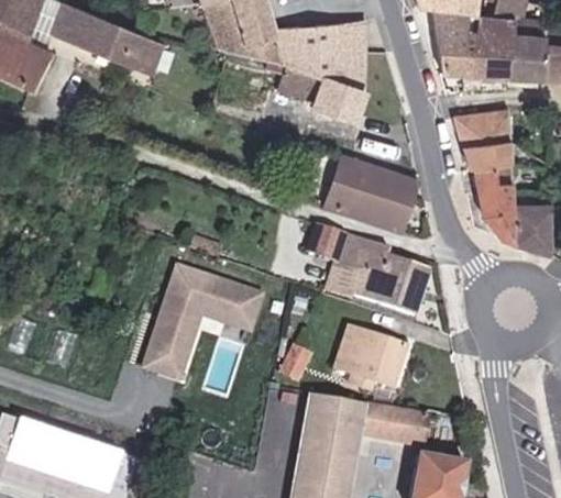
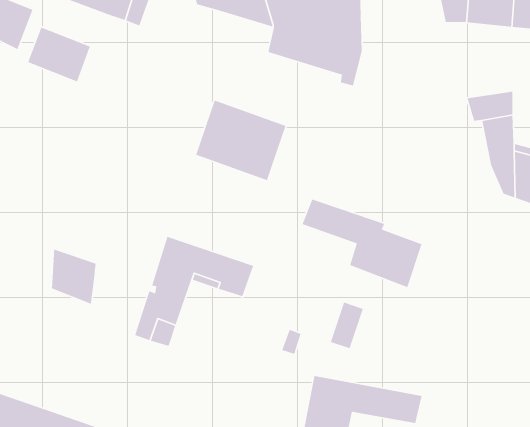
building: none -> [27,26,91,82]
building: [460,97,512,139] -> none
building: [325,148,414,228] -> [195,100,287,181]
building: none -> [51,248,97,305]
building: [353,343,400,400] -> none

